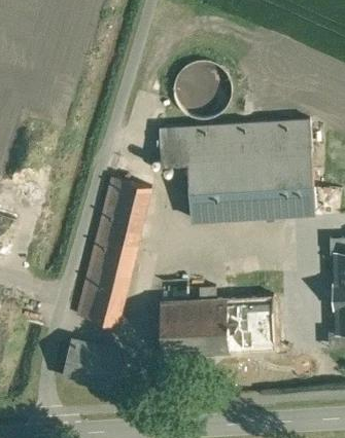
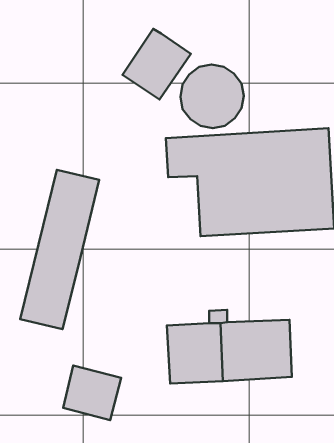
building: none -> [123,29,191,99]
building: [77,179,150,326] -> [20,170,99,329]

